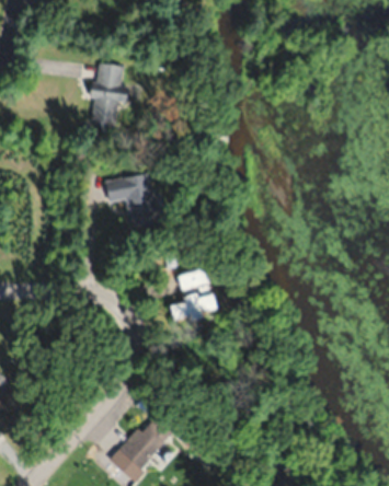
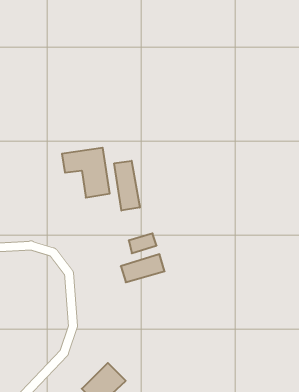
building: [88,61,128,125] -> none
building: none -> [114,161,140,211]

